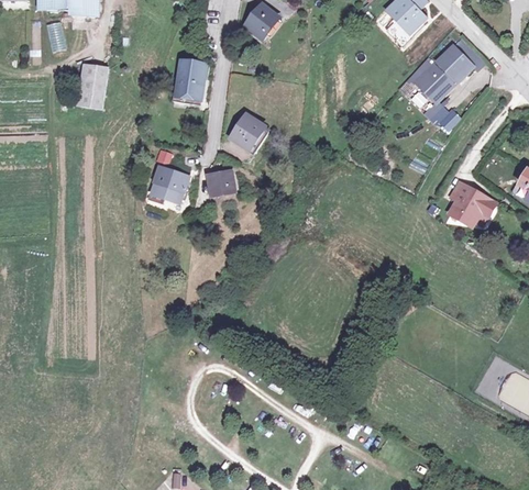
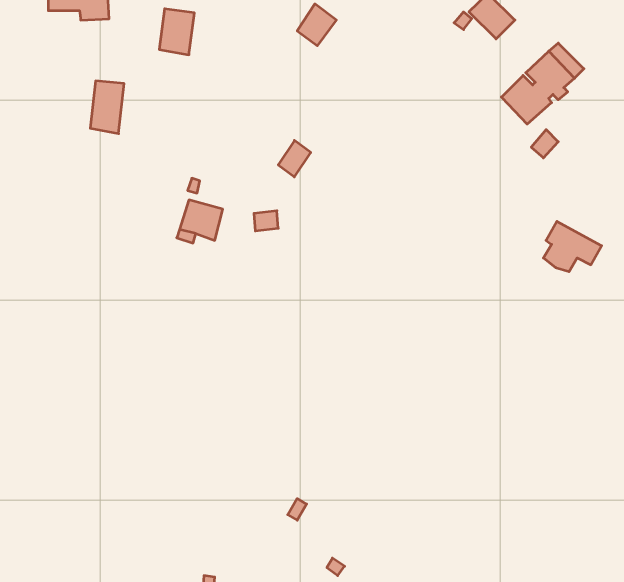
building: [45,20,64,51] -> none
building: [174,64,202,101] -> [159,9,194,55]

